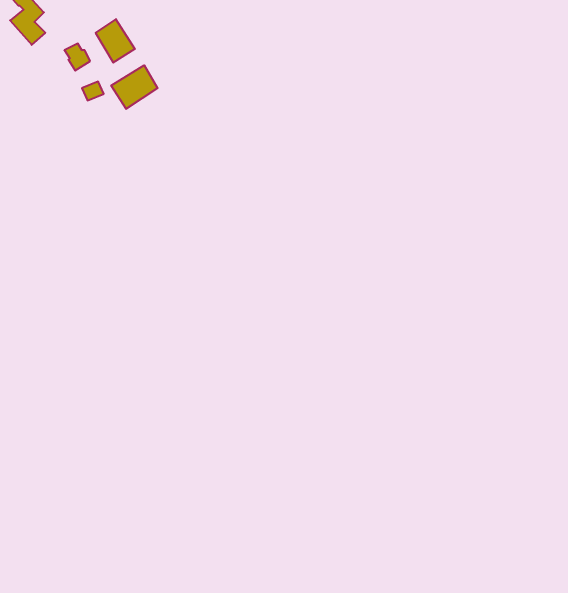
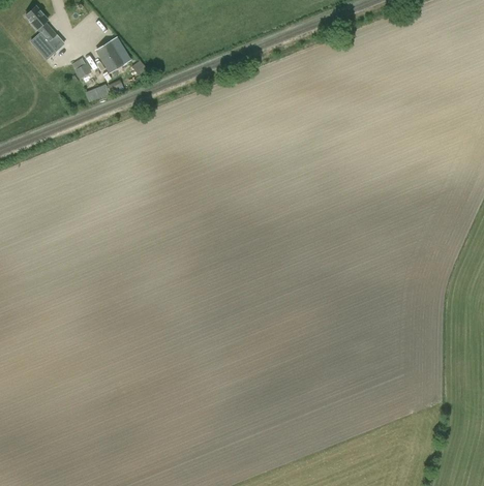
building: [111,65,158,109] -> none

